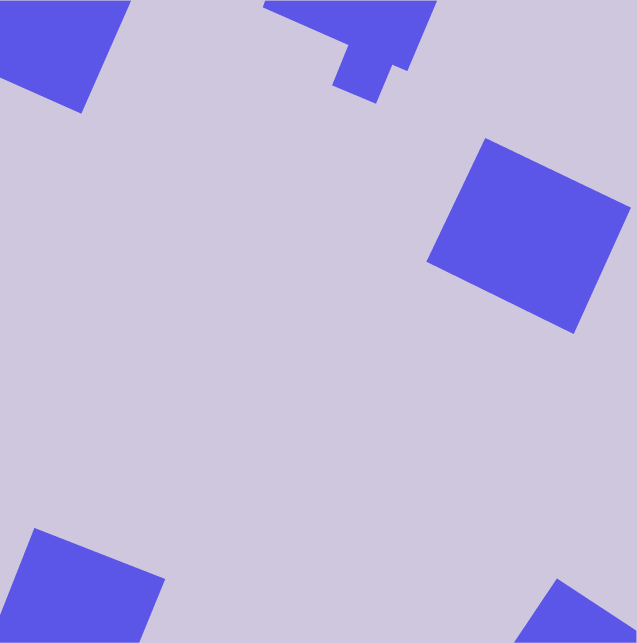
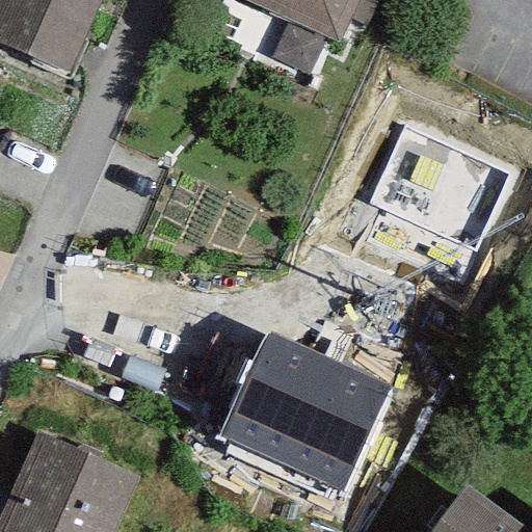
building: none -> [217,331,387,495]

